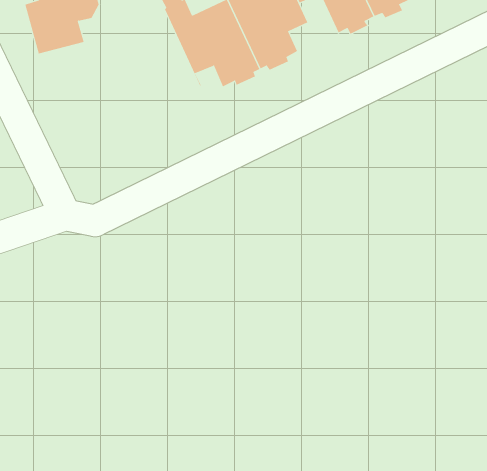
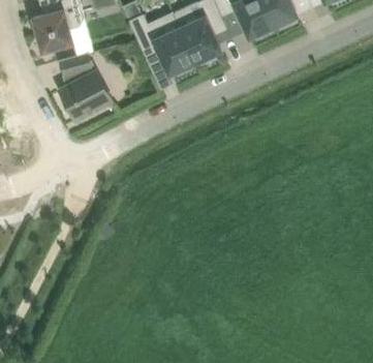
building: none -> [60,53,113,121]

